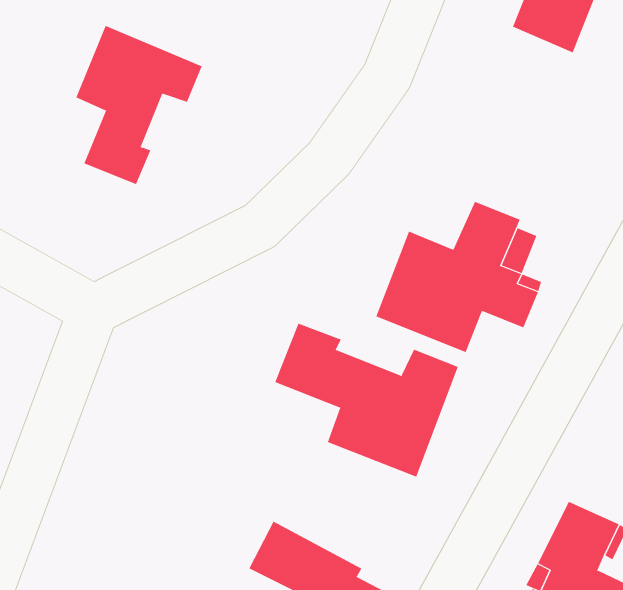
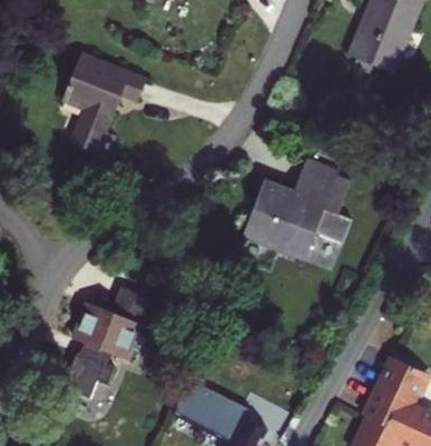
building: [275,323,459,478] -> none
building: none -> [66,284,159,395]

